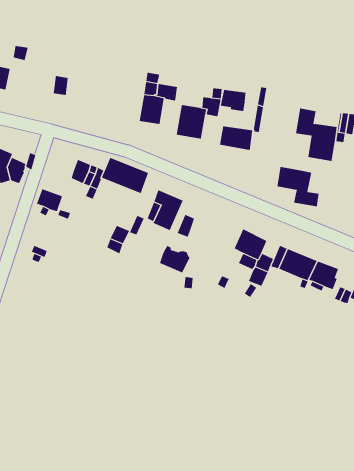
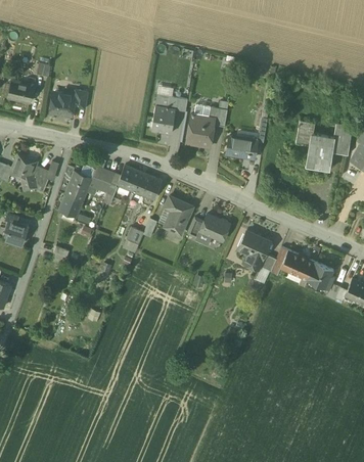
building: none -> [50,92,75,116]
building: [220,89,246,112] -> none
building: none -> [63,170,92,200]
building: [277,166,319,207] -> none
building: [159,245,190,273] -> [200,214,229,239]

